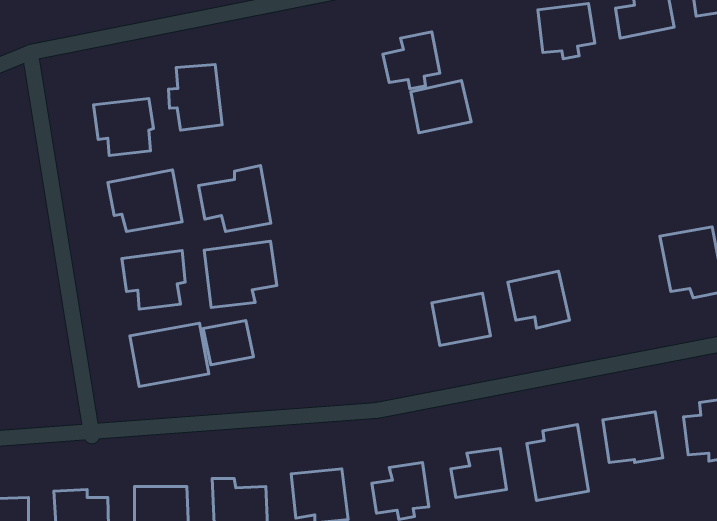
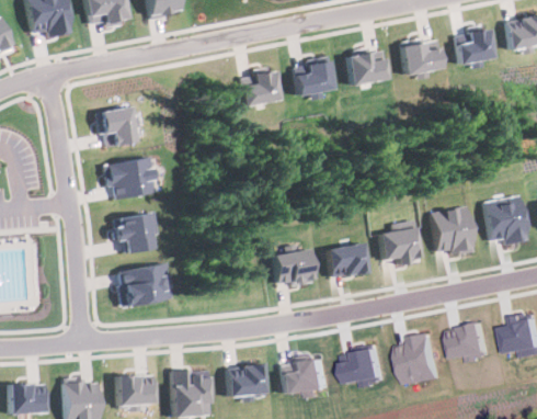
building: none -> [239,70,278,106]
building: [168,65,222,130] -> none
building: [411,81,471,133] -> [345,49,387,86]
building: [199,165,271,231] -> none
building: none -> [431,205,476,256]
building: [204,241,277,308] -> none
building: none -> [272,248,313,286]
building: [203,321,254,365] -> none

